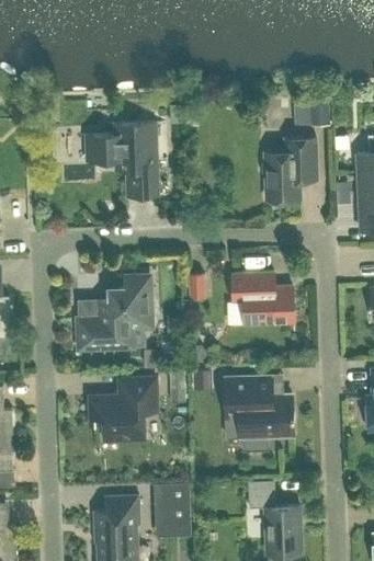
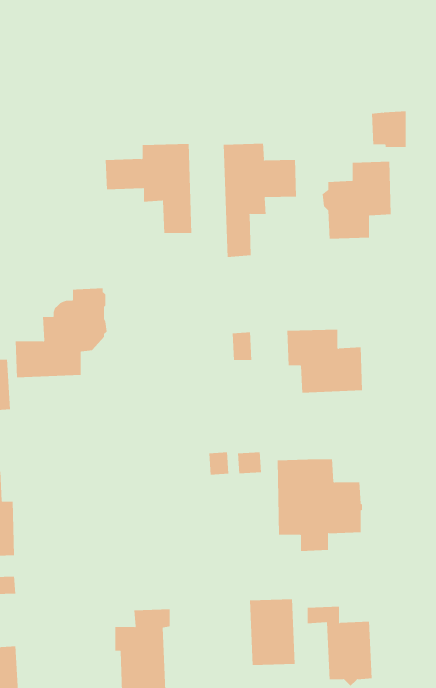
building: none -> [223,143,296,258]
building: [78,276,152,348] -> [15,288,108,378]
building: [90,378,157,439] -> none
building: [154,482,191,536] -> [249,599,296,666]

